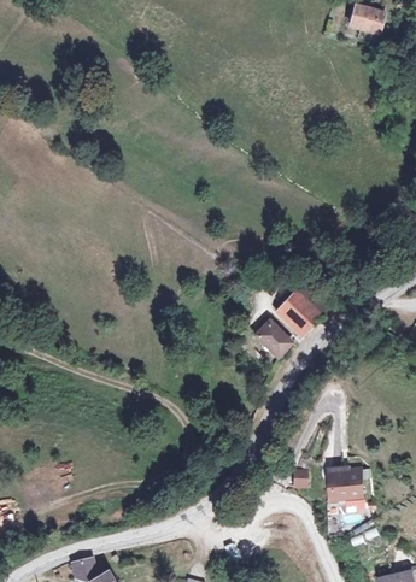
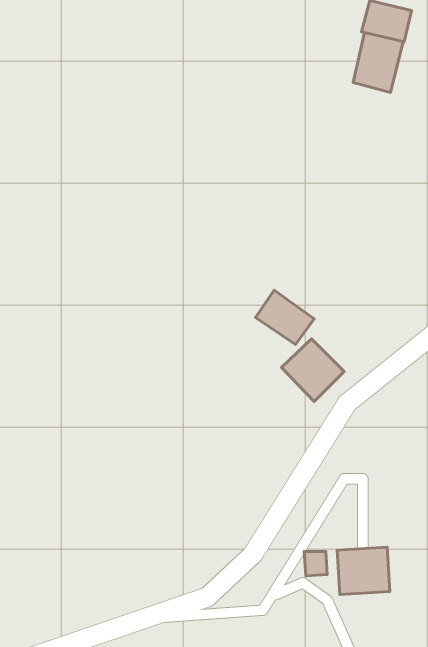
building: none -> [353,33,403,93]
building: [248,316,298,361] -> [256,290,314,345]

